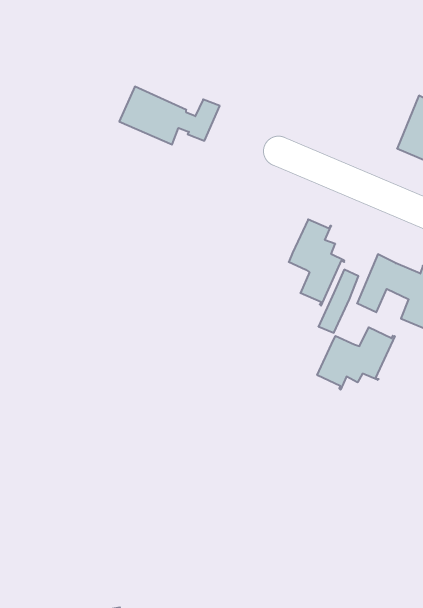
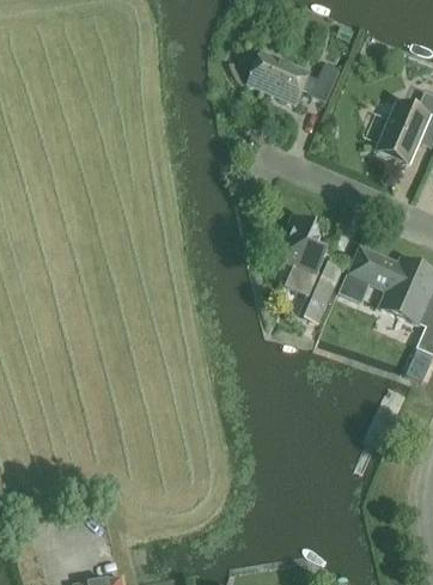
building: [119,87,220,145] -> [246,51,340,105]
building: [317,327,395,390] -> none

